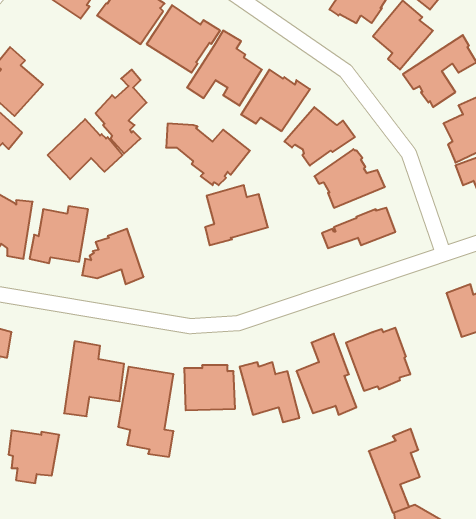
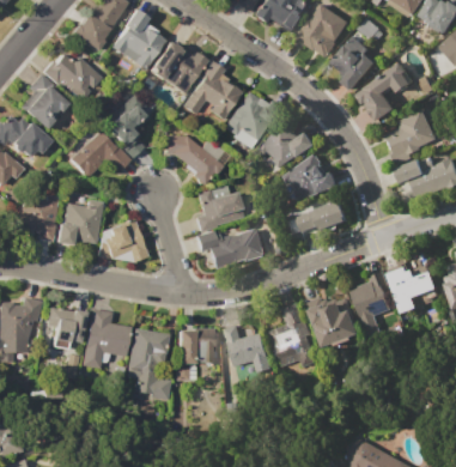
building: none -> [42,54,101,104]
building: none -> [196,226,267,268]
building: [369,429,420,513] -> [351,271,391,338]
building: [8,430,59,483] -> [47,307,87,348]

